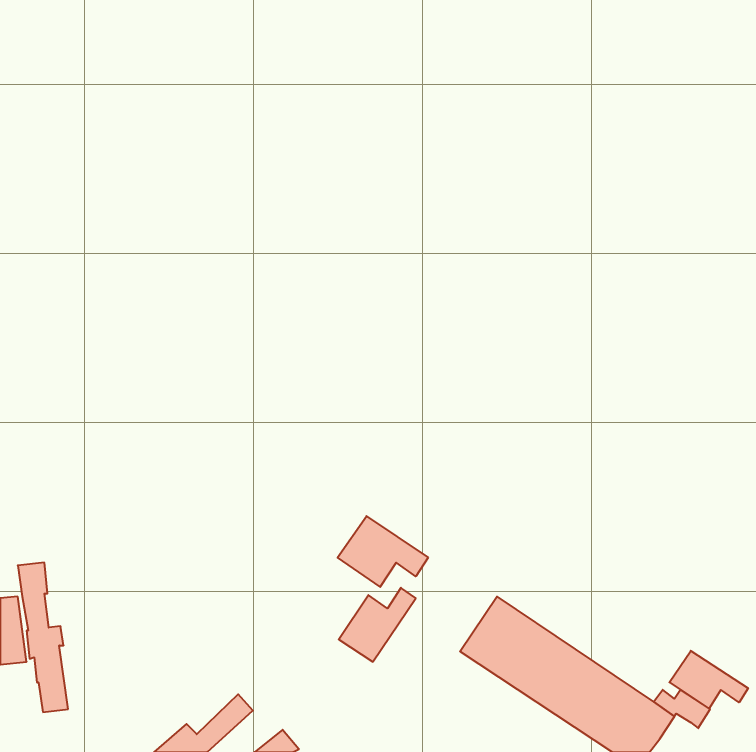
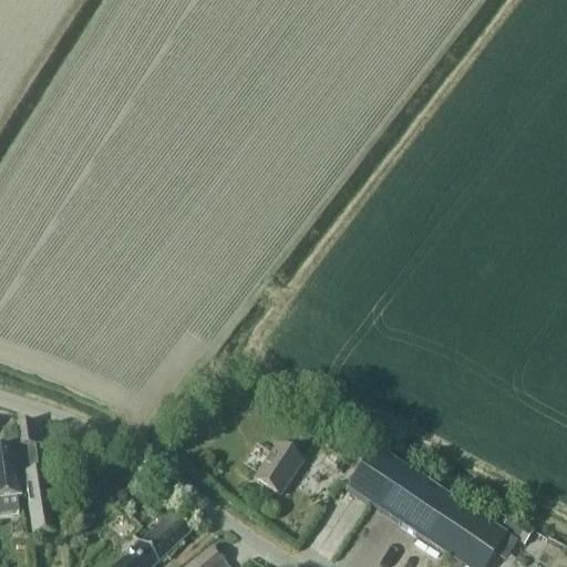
building: [338,516,428,587] -> none
building: [669,651,748,708] -> none

